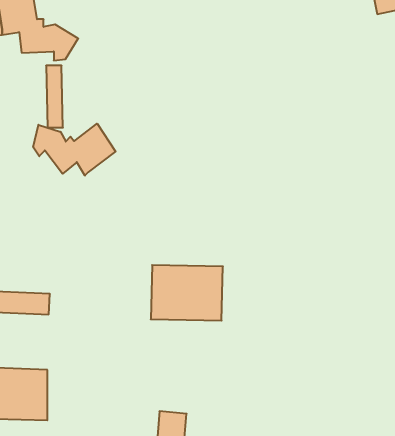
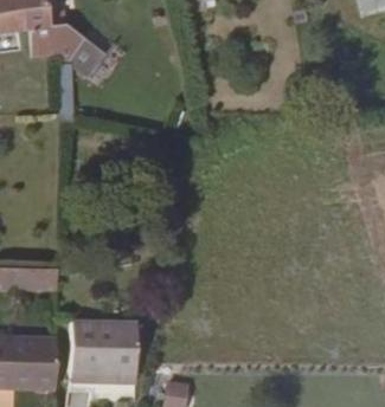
building: [33,124,116,176] -> none
building: [151,265,223,321] -> [71,324,137,375]

